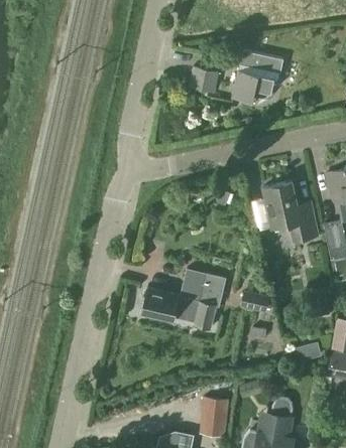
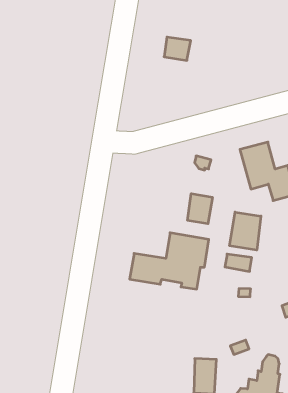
building: [232,50,283,102] -> none
building: none -> [188,194,212,224]
building: none -> [230,212,261,250]

